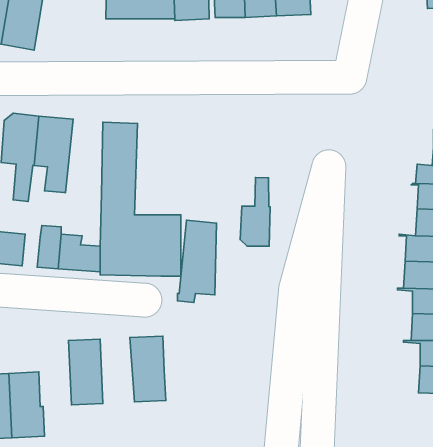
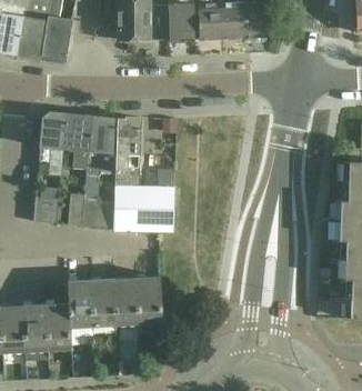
building: [240,177,270,246] -> none
building: [178,220,216,302] -> [87,114,115,176]
building: none -> [113,277,139,325]
building: none -> [67,279,92,328]

